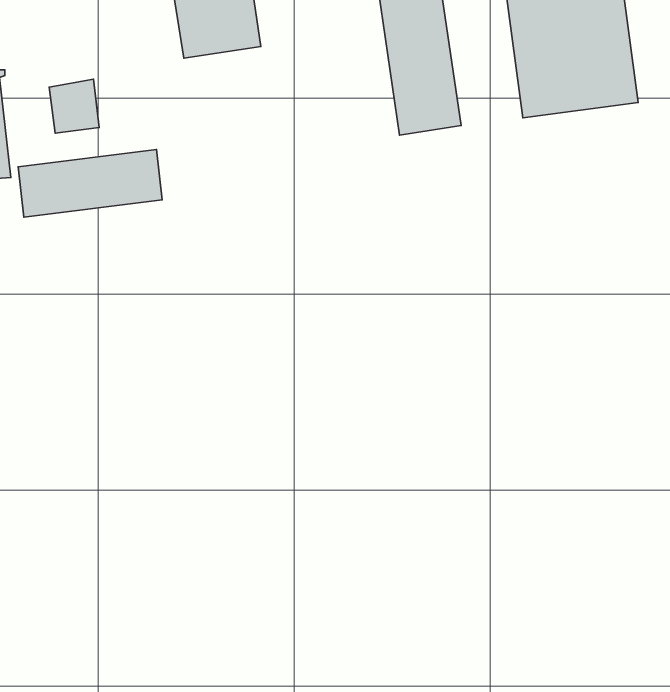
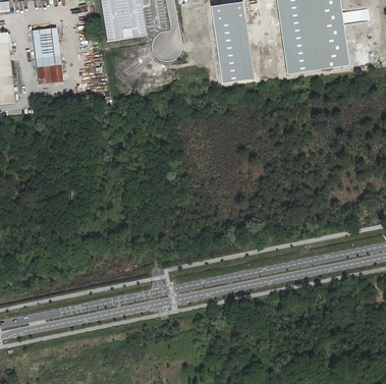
building: none -> [32,24,59,56]
building: [18,149,162,217] -> none

